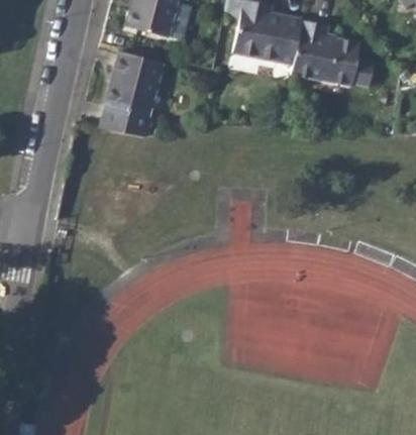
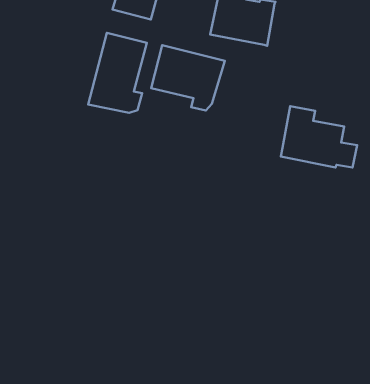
building: [290,19,373,86] -> [281,106,357,168]
building: none -> [151,45,225,111]

